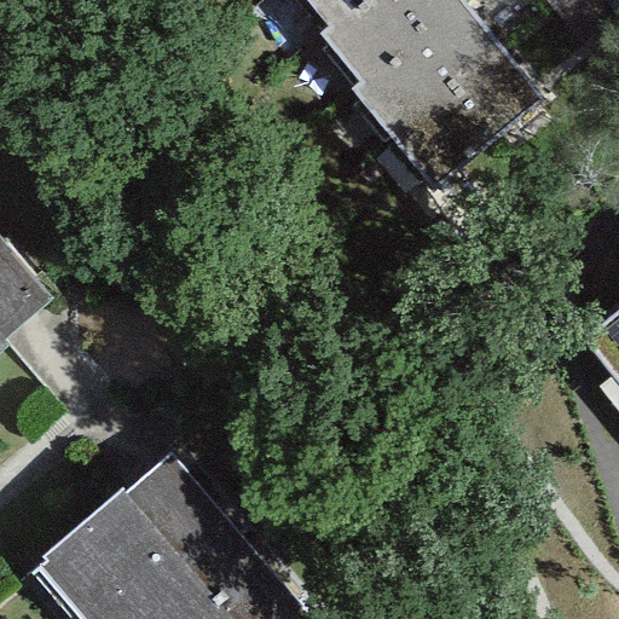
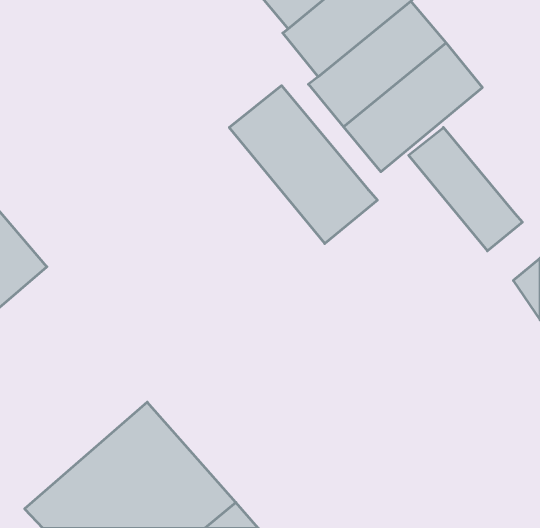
building: none -> [229,86,377,244]
building: none -> [409,127,522,251]

